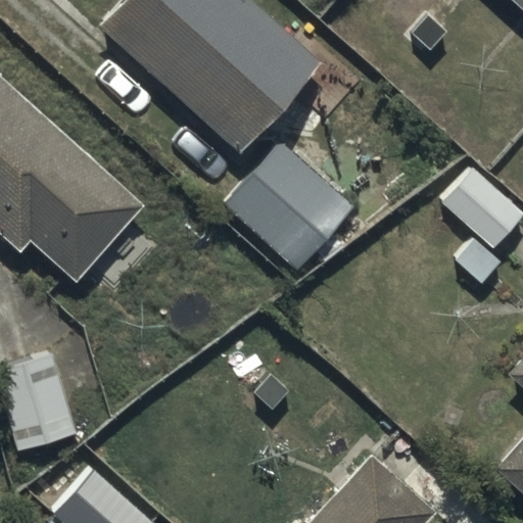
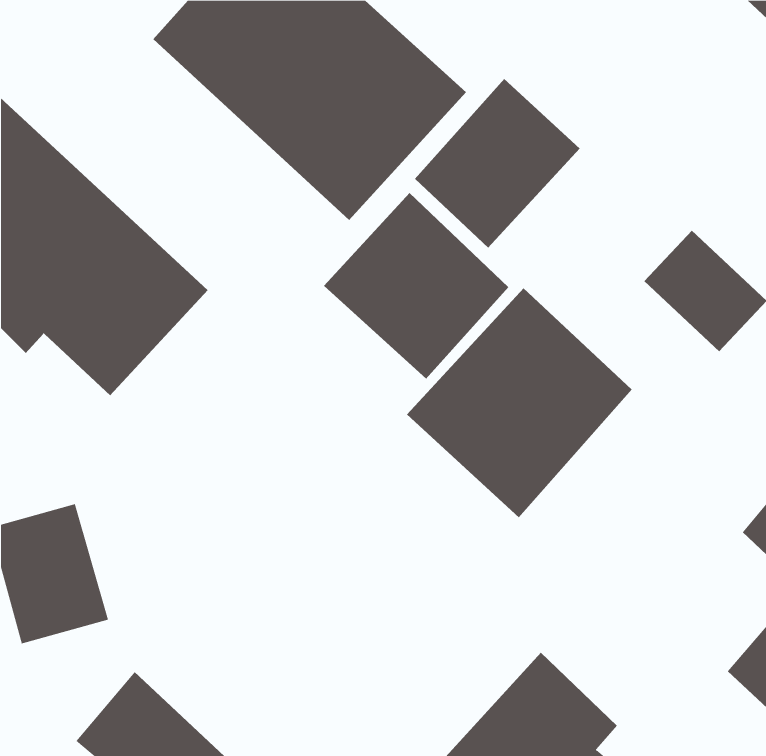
building: none -> [414,78,581,248]
building: none -> [406,287,633,518]

